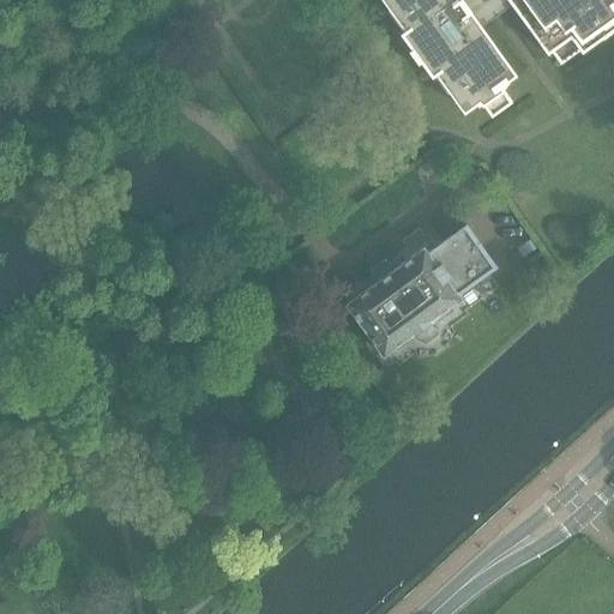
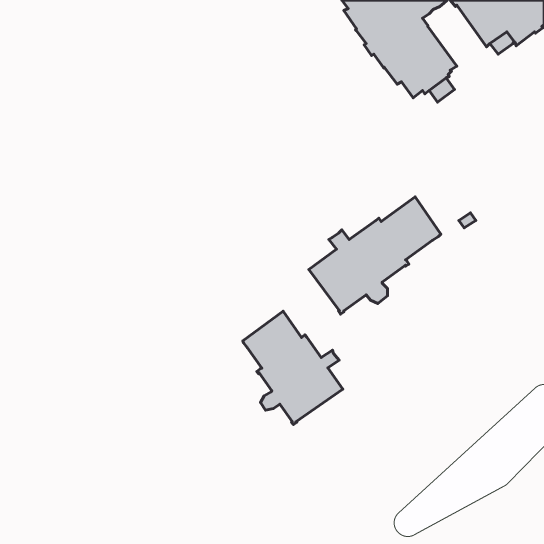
building: none -> [243,311,343,425]

